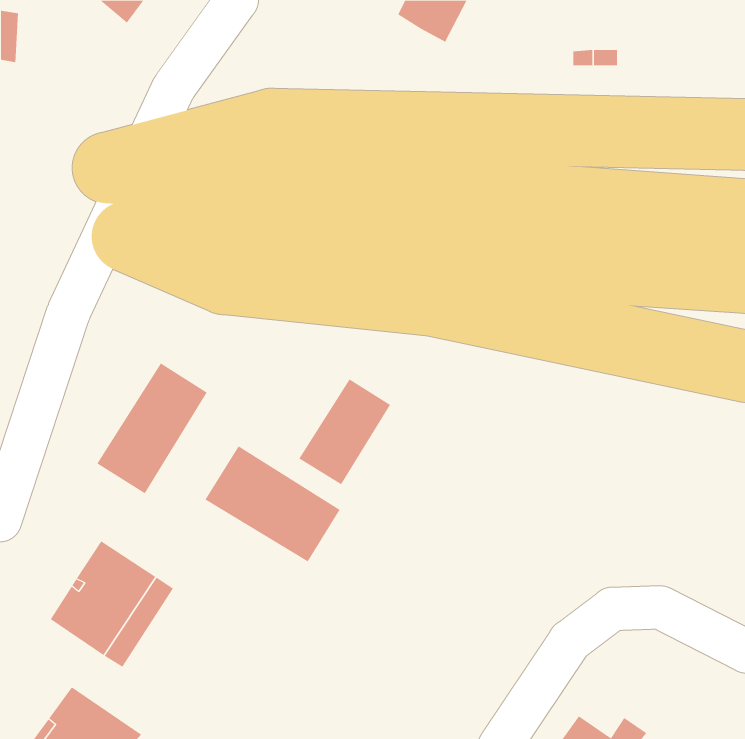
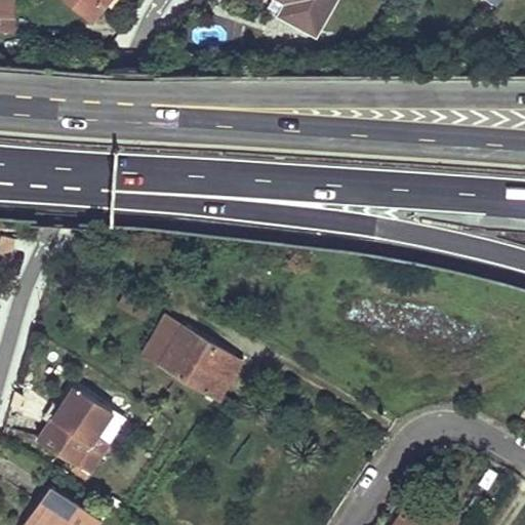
building: [96,363,208,494] -> none
building: [298,379,391,485] -> none

